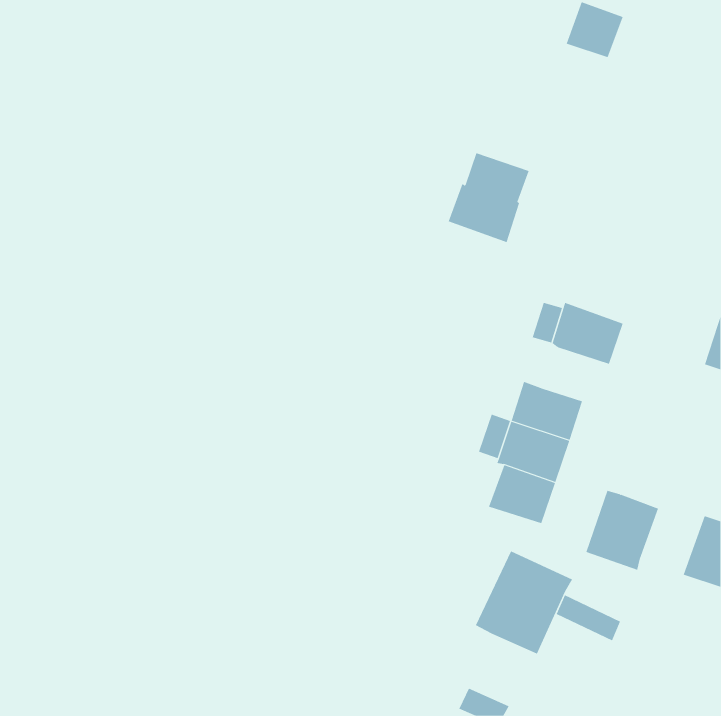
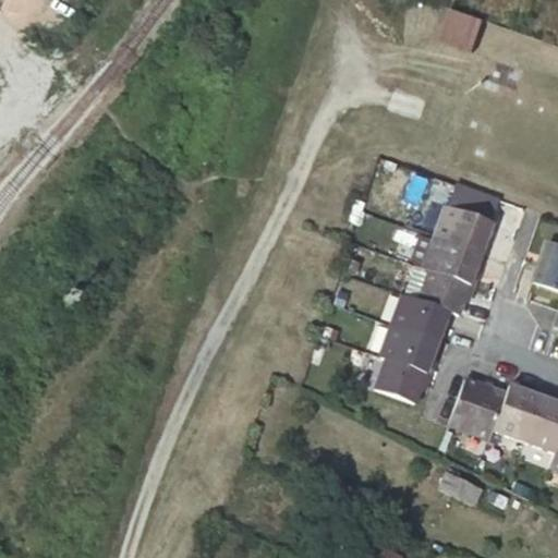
building: [448,152,530,243] -> [436,180,499,250]
building: none -> [420,268,471,313]
building: none -> [495,387,544,444]
building: [475,550,573,654] -> none

